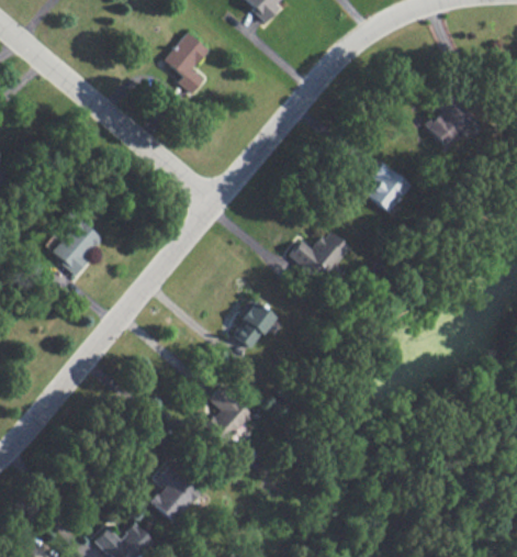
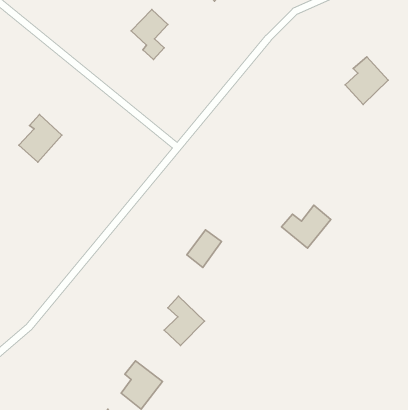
building: [366,161,409,211] -> none
building: [52,214,104,272] -> [19,115,62,162]
building: [289,229,349,281] -> [282,205,331,248]

